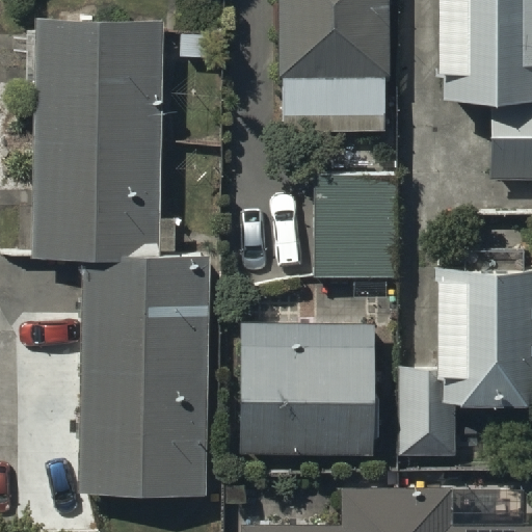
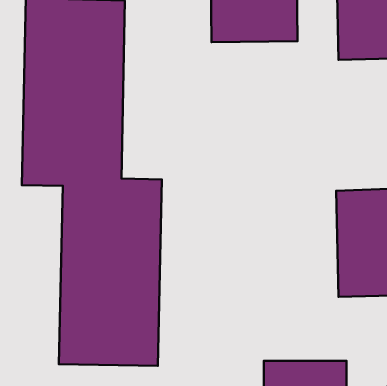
building: [308,177,391,276] -> none
building: [241,322,375,456] -> none

